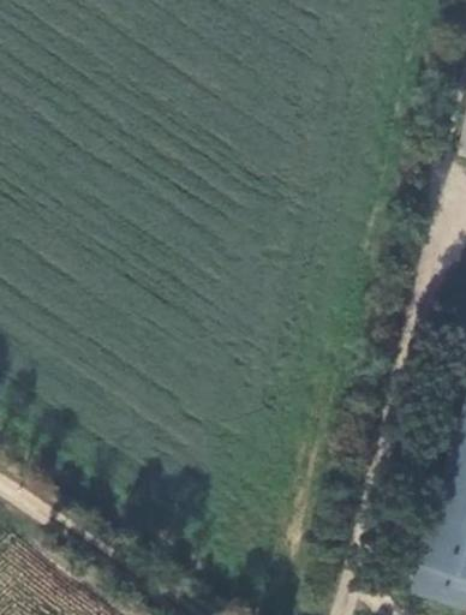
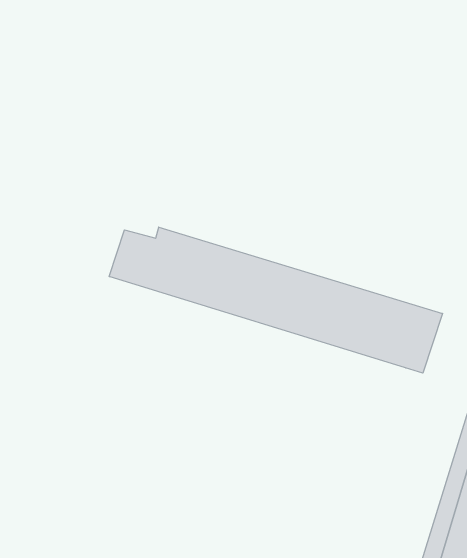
building: none -> [109,227,443,373]

